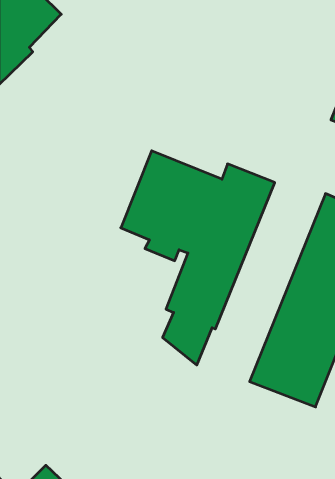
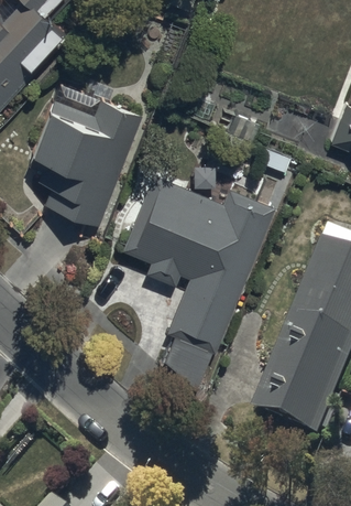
building: none -> [31,85,142,226]

